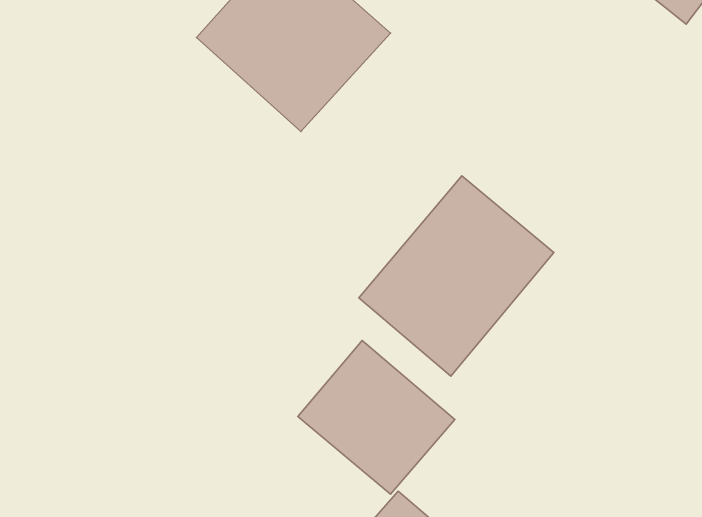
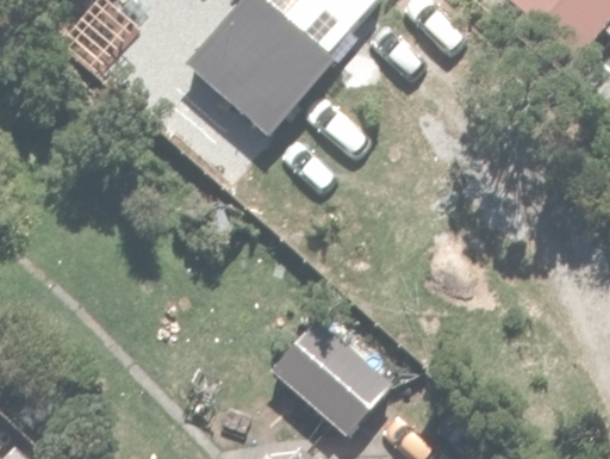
building: [359,176,554,376] -> none

